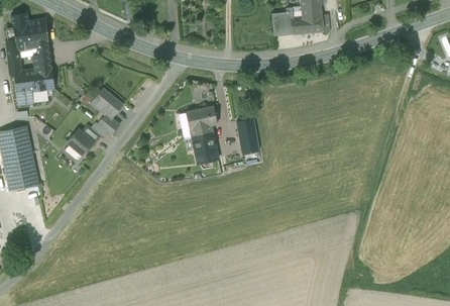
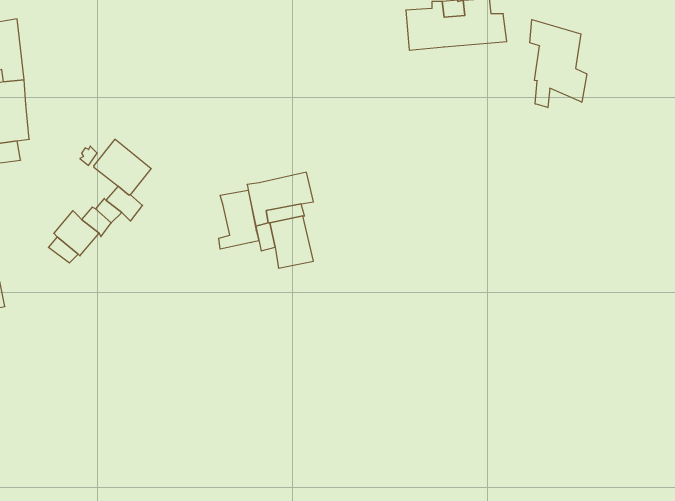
building: none -> [530,20,587,108]
building: none -> [219,190,259,249]
building: [235,119,258,152] -> none

